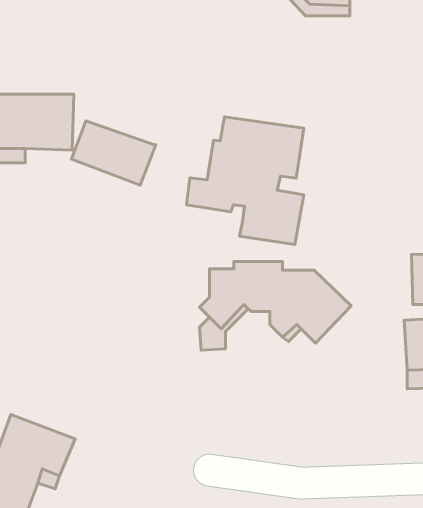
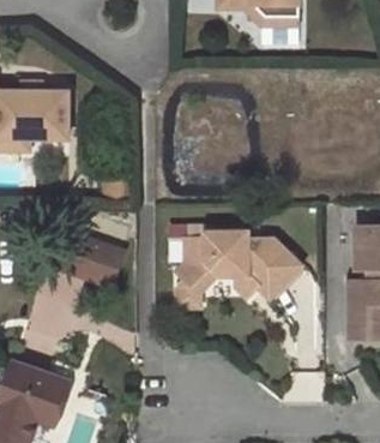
building: [187,117,304,244] -> none
building: [71,121,156,185] -> [55,232,126,286]

